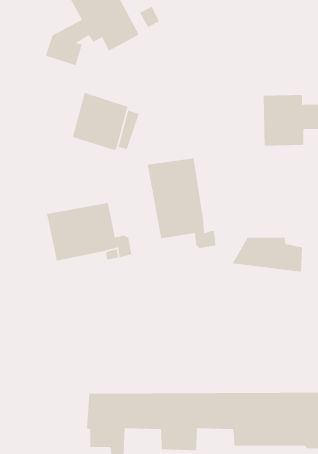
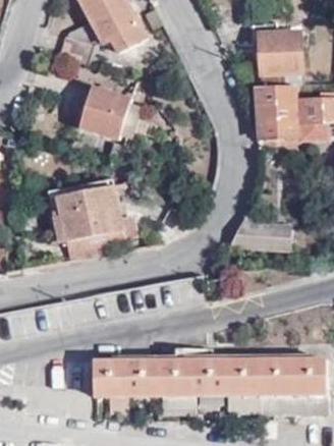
building: none -> [256,29,299,83]
building: [147,158,216,249] -> none

